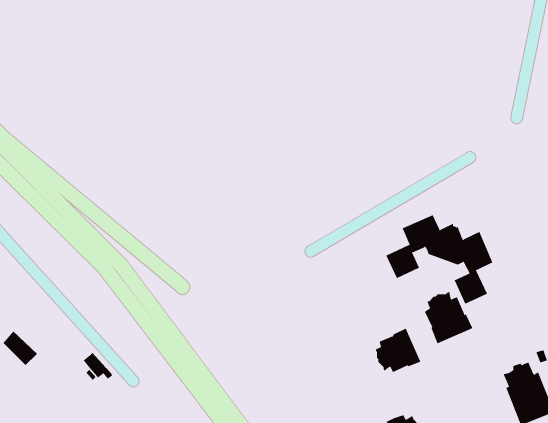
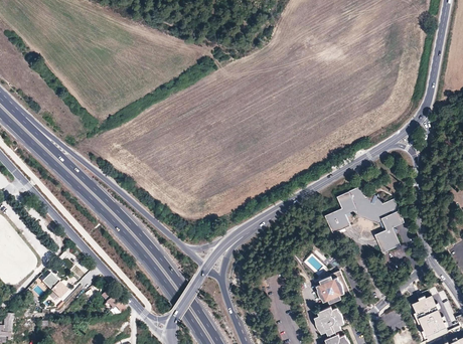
building: [424,291,473,344] -> none
building: none -> [314,307,344,336]

